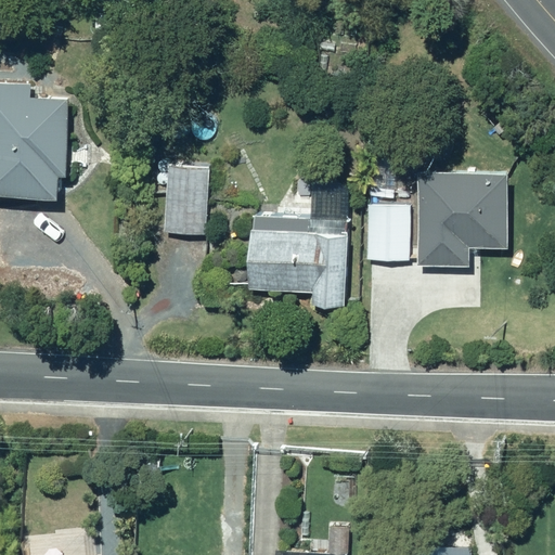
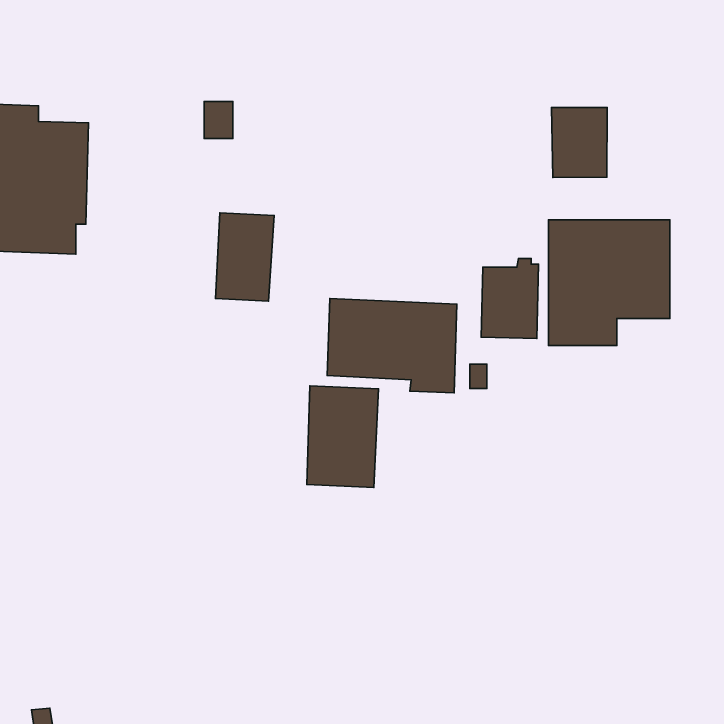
building: none -> [551,107,607,177]
building: none -> [307,386,378,488]

